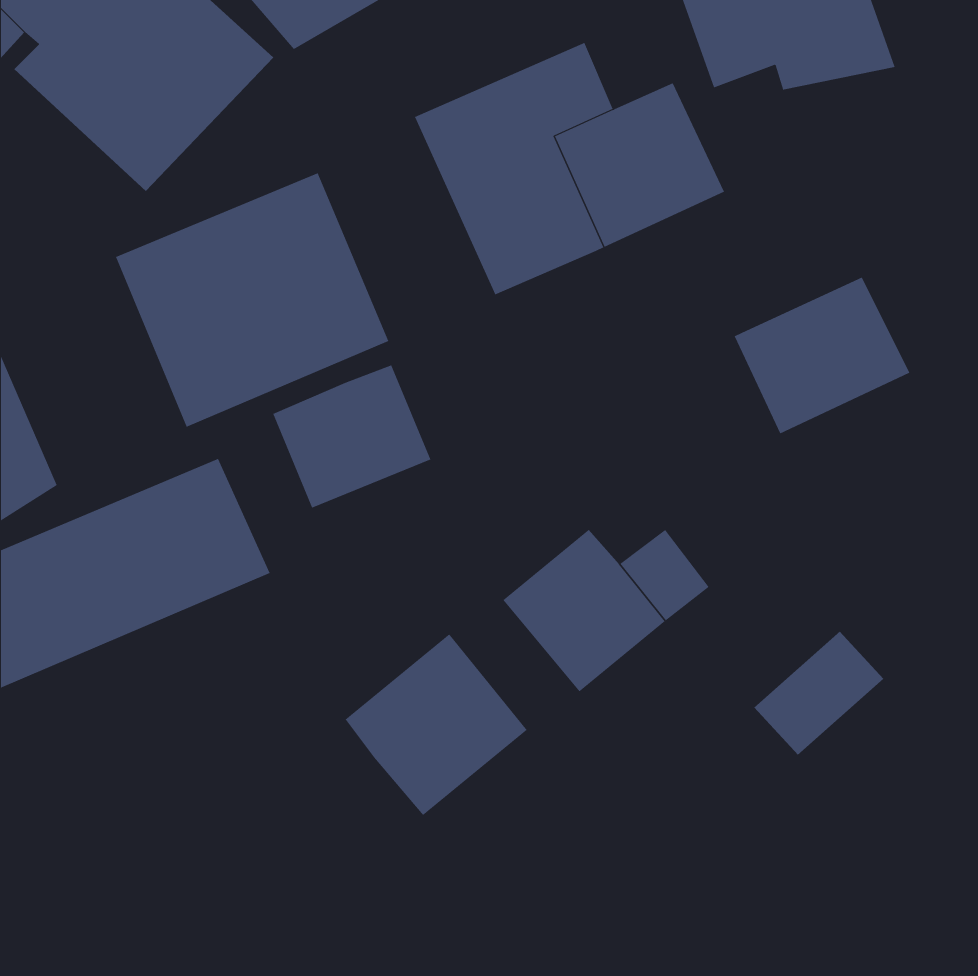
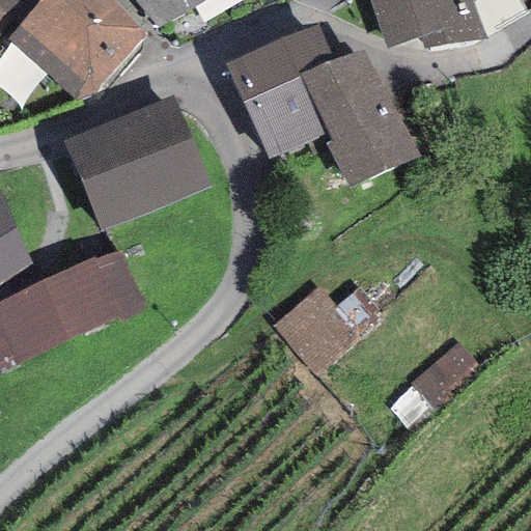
building: [734,277,910,434] -> [324,104,419,189]
building: [272,365,431,509] -> none
building: [345,634,527,816] -> none

